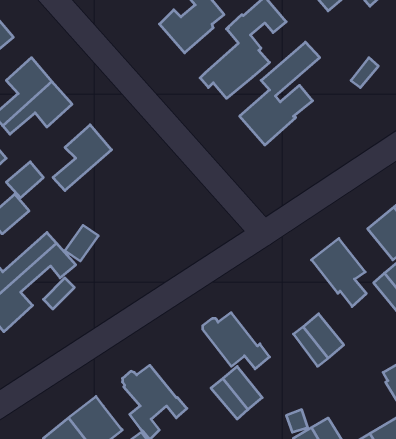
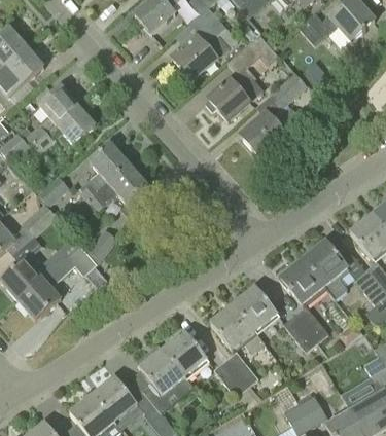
building: none -> [87,165,147,211]
building: none -> [278,259,322,305]
building: none -> [231,287,275,333]
building: none -> [161,331,206,377]

